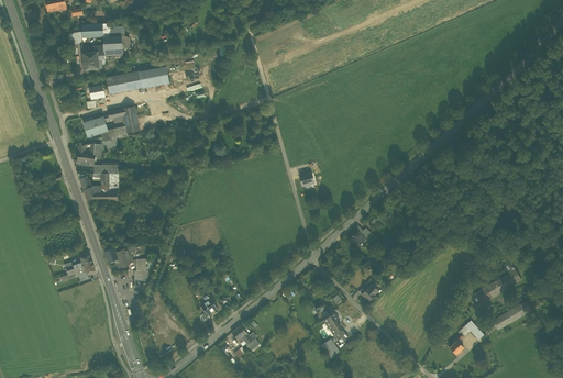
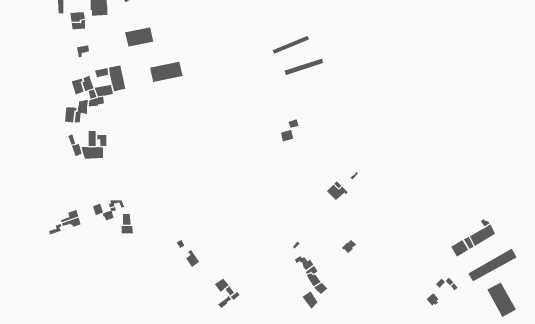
building: [106,71,141,93] -> [149,61,183,82]
building: none -> [486,281,517,318]

